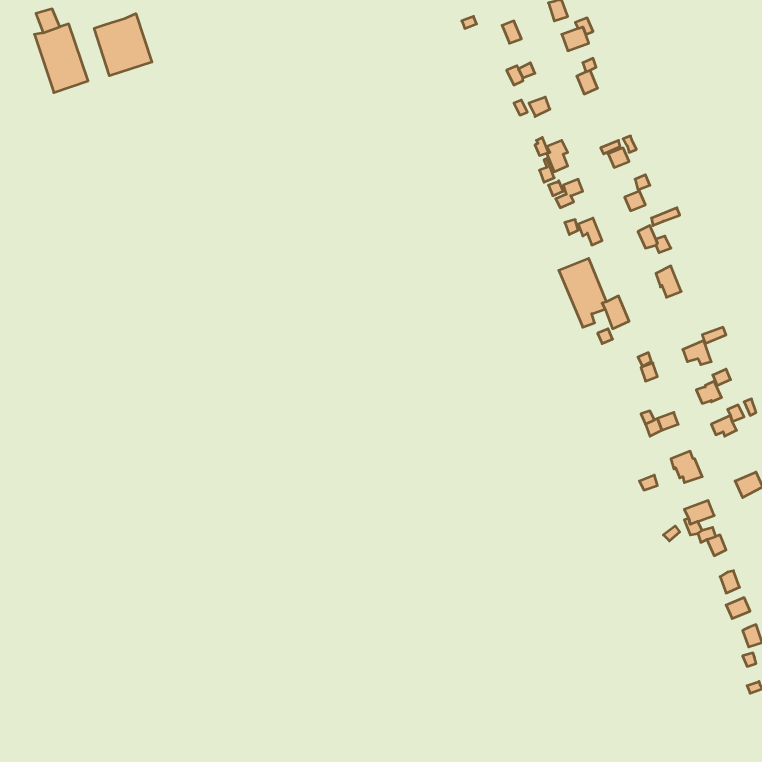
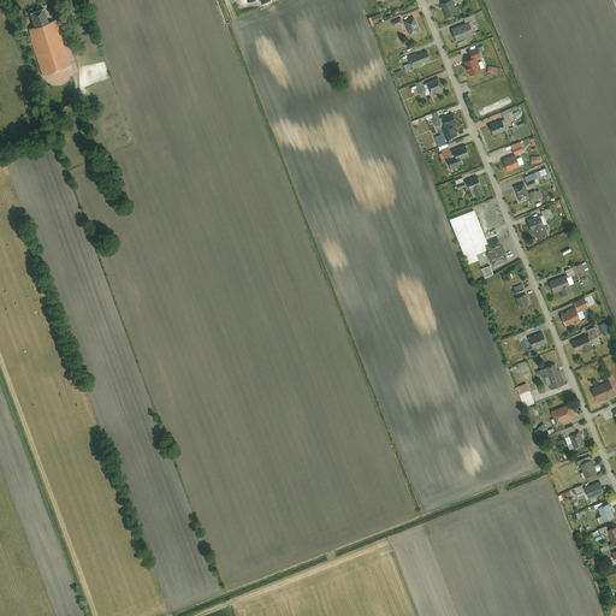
building: [94,14,152,76] -> none

